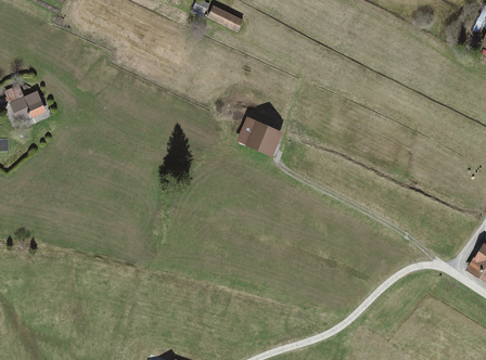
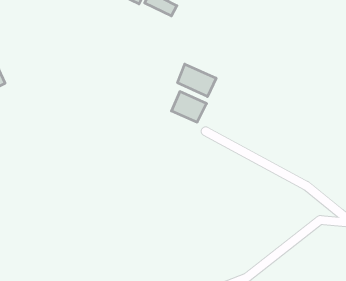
building: none -> [178,64,216,97]

